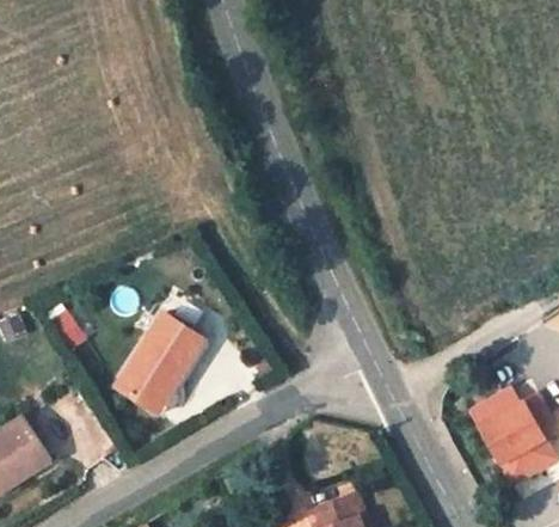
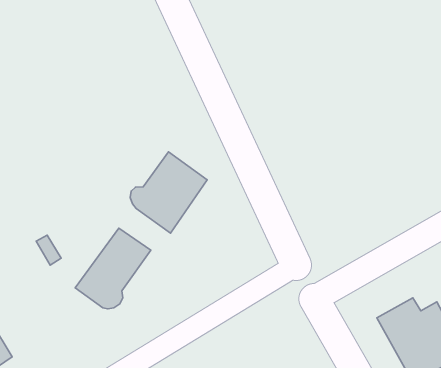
building: none -> [130,152,207,233]

